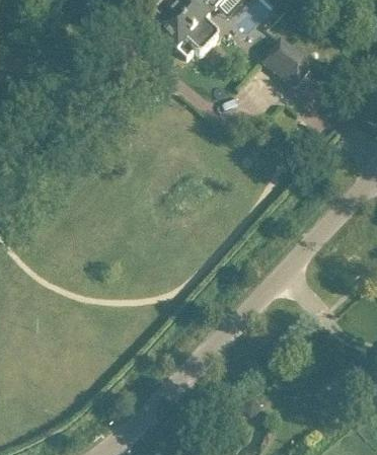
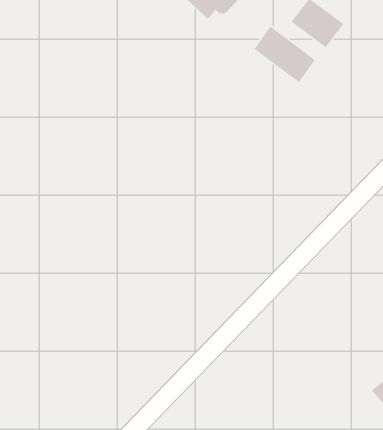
building: none -> [253,26,316,83]

